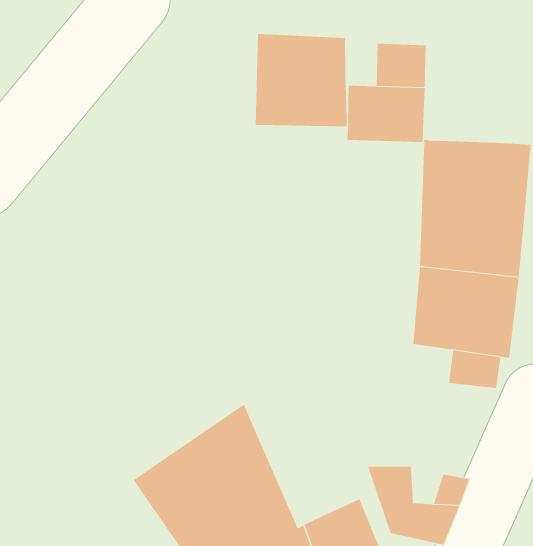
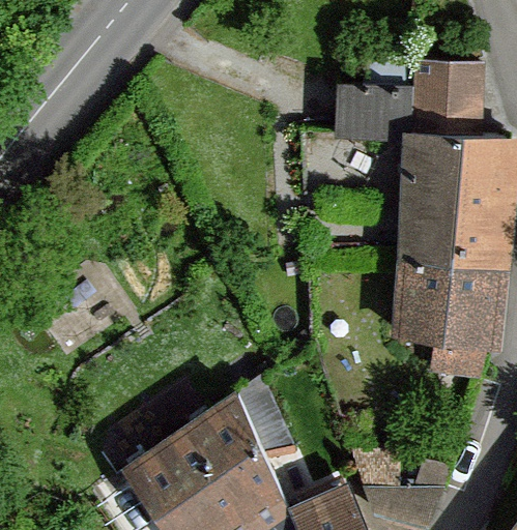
building: [255,33,347,127] -> none
building: none -> [414,63,483,142]

